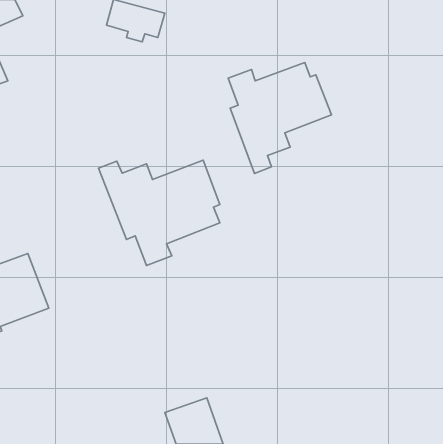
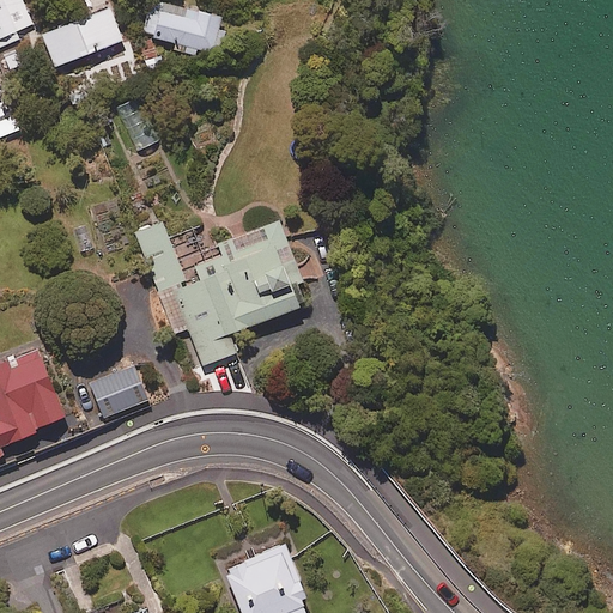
building: none -> [42,8,121,67]
building: [228,63,332,173] -> none
building: none -> [90,364,148,418]

